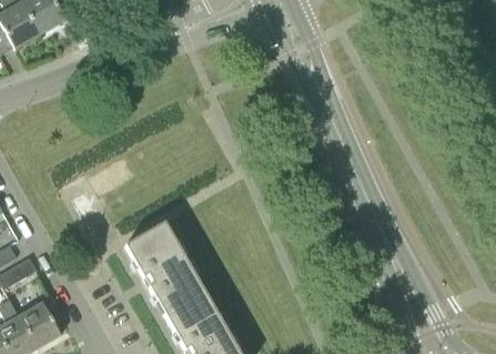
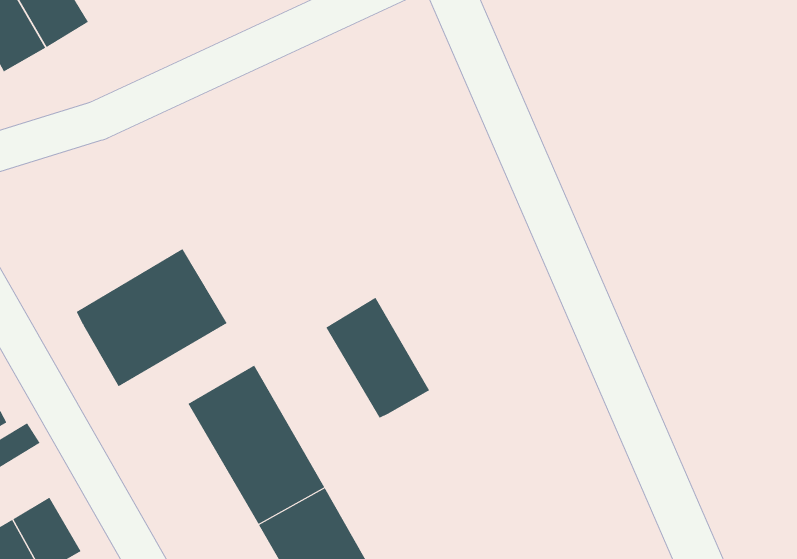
building: none -> [76,248,228,387]
building: none -> [326,297,430,419]

